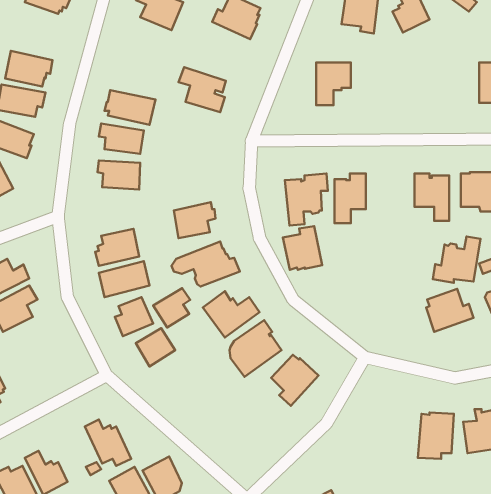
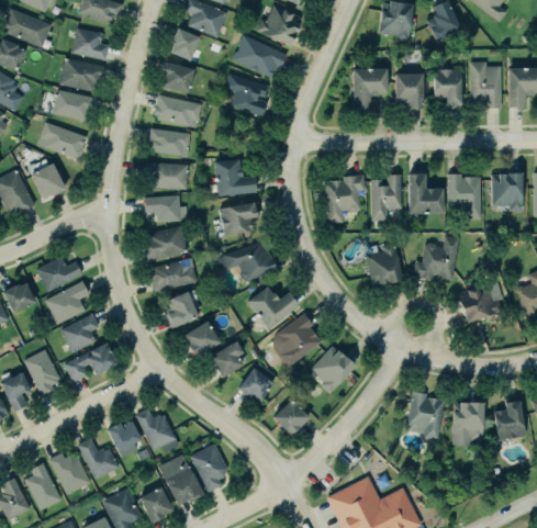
building: none -> [71,27,109,60]
building: none -> [171,29,201,61]
building: none -> [231,34,288,78]
building: none -> [470,61,502,109]
building: none -> [163,63,195,93]
building: none -> [435,68,463,105]
building: none -> [396,74,424,110]
building: none -> [214,159,258,196]
building: none -> [410,175,445,214]
building: none -> [145,195,181,223]
building: [283,226,322,270] -> [367,244,404,285]
building: [433,237,480,283] -> [414,236,459,280]
building: [153,288,190,328] -> [210,341,245,379]
building: none -> [60,314,100,352]
building: none -> [64,342,119,382]
building: none -> [239,368,275,402]
building: none -> [406,391,446,442]
building: none -> [273,398,311,437]
building: none -> [107,420,143,458]

